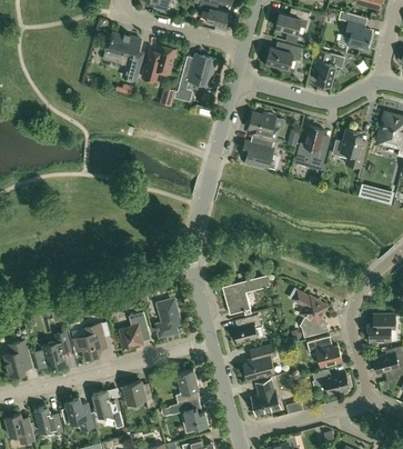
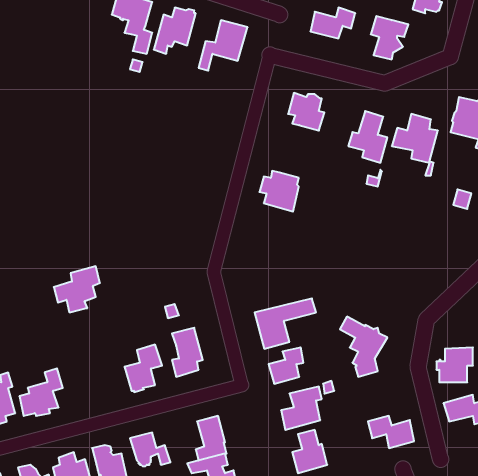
building: [242,136,273,168] -> [259,171,299,212]
building: [73,321,110,358] -> [54,266,100,312]
building: [306,336,342,366] -> none

